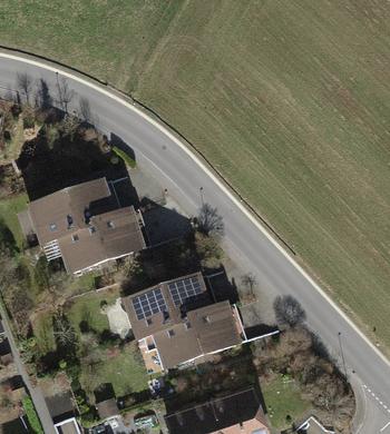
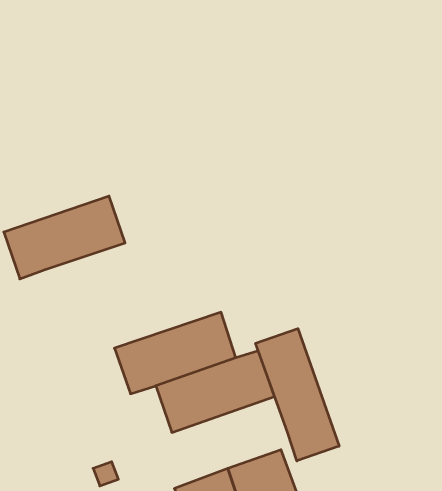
building: [55,207,154,275] -> none
building: none -> [256,329,339,461]

